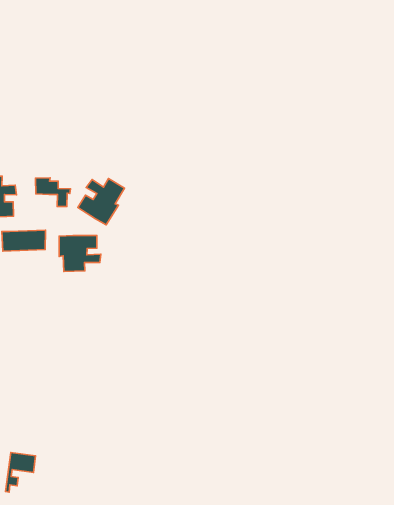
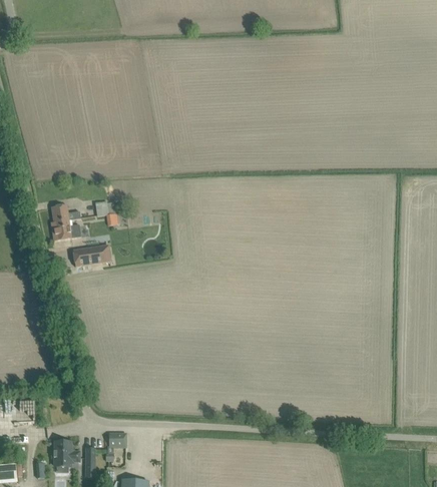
building: [78,179,124,225] -> none
building: [59,236,101,272] -> none

